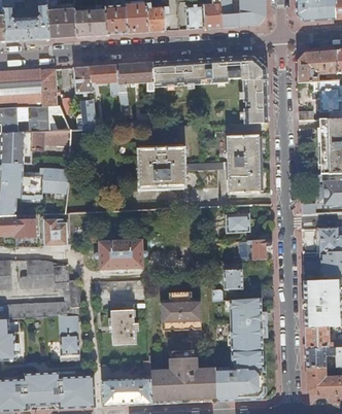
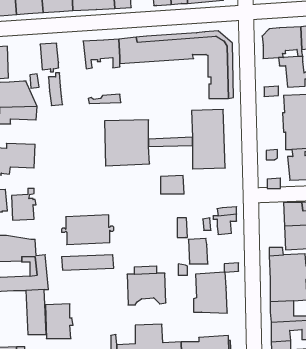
building: [90,65,119,95] -> none
building: [40,69,57,106] -> none
building: [226,213,249,232] -> [161,176,184,194]
building: [112,310,140,345] -> [45,304,73,339]
building: [228,338,263,364] -> none

